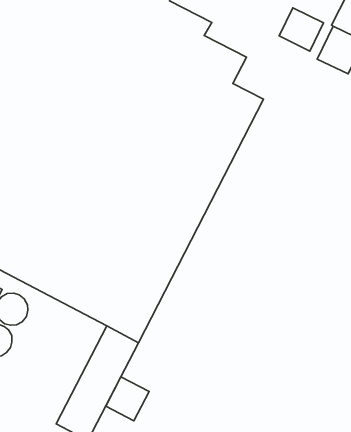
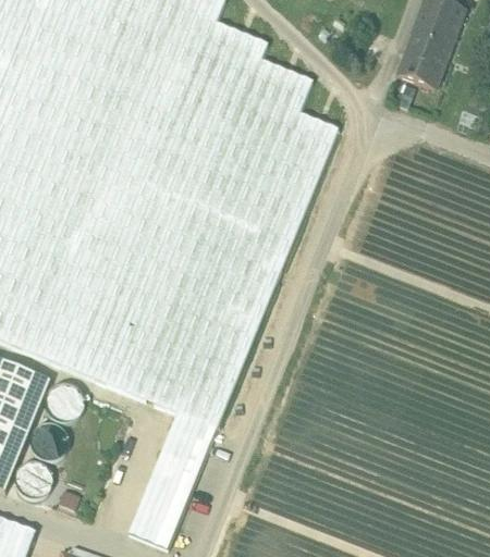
building: [279,8,324,51] -> none
building: [106,377,149,421] -> none

